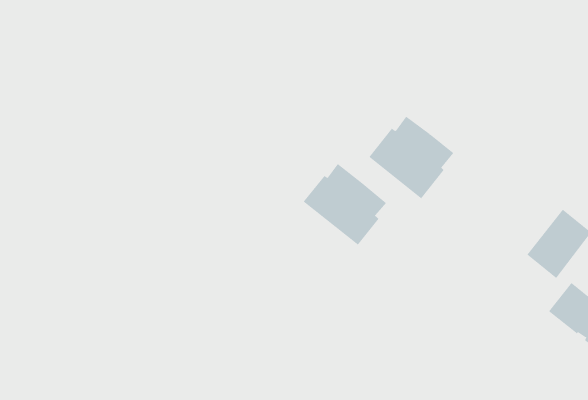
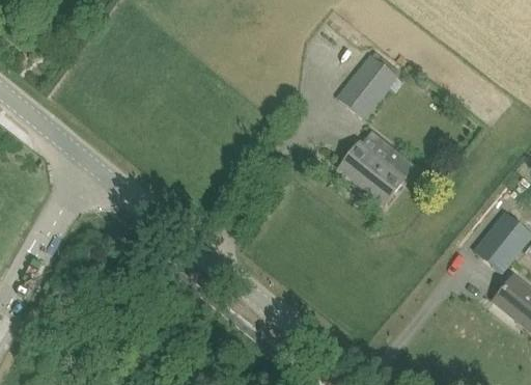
building: none -> [335,55,394,118]
building: [303,163,387,245] -> none

